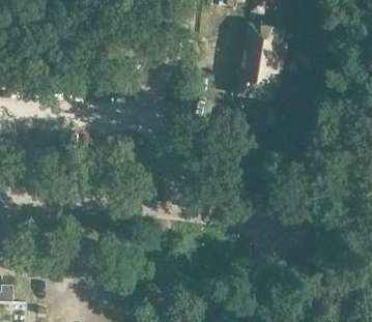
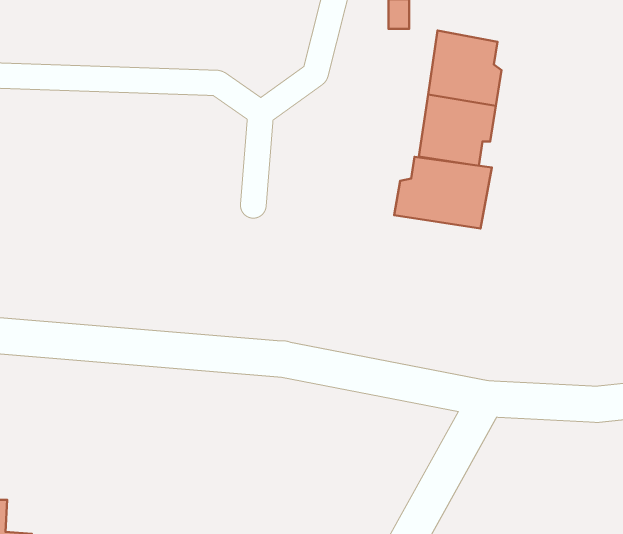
building: none -> [394,157,492,229]

